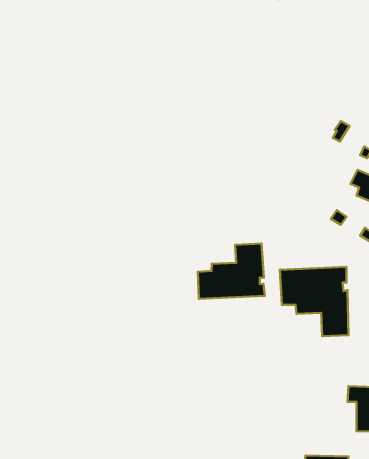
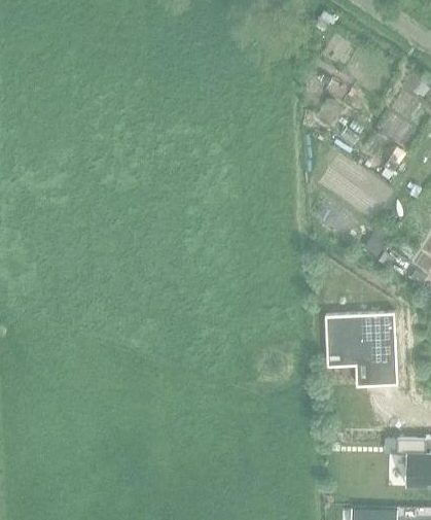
building: [198,243,265,299] -> none

